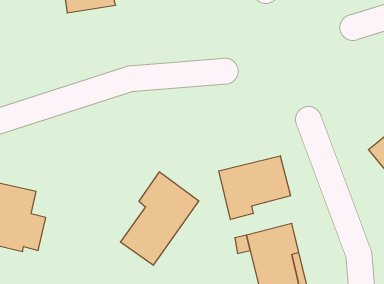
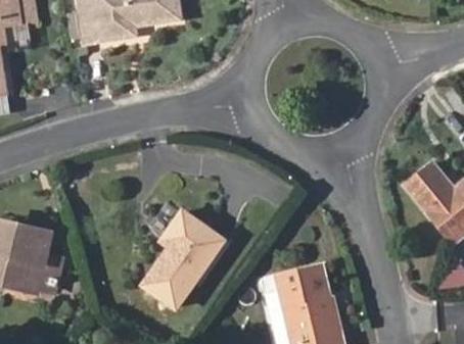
building: [219,156,291,220] -> none

